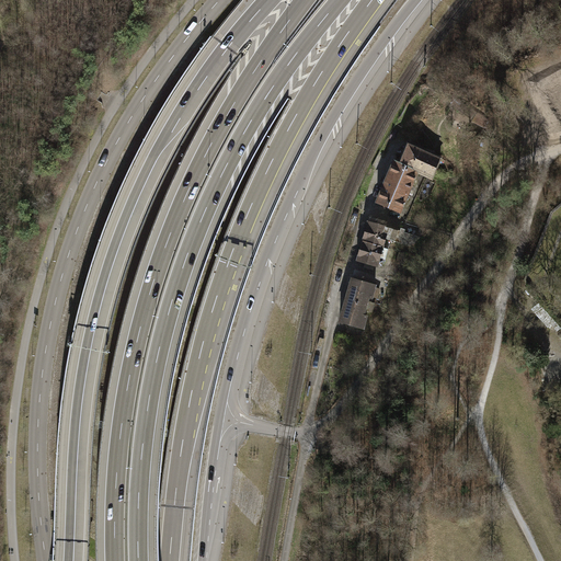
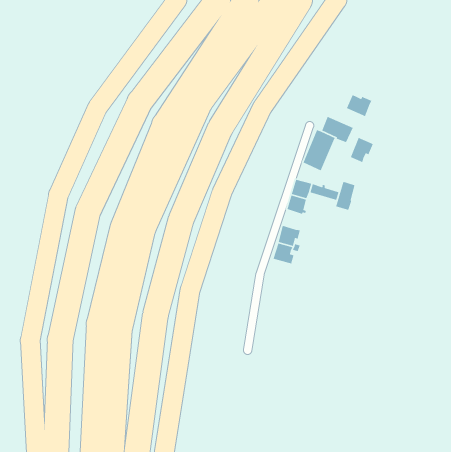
building: none -> [346,94,372,117]
building: none -> [350,137,374,163]
building: none -> [335,181,356,211]

